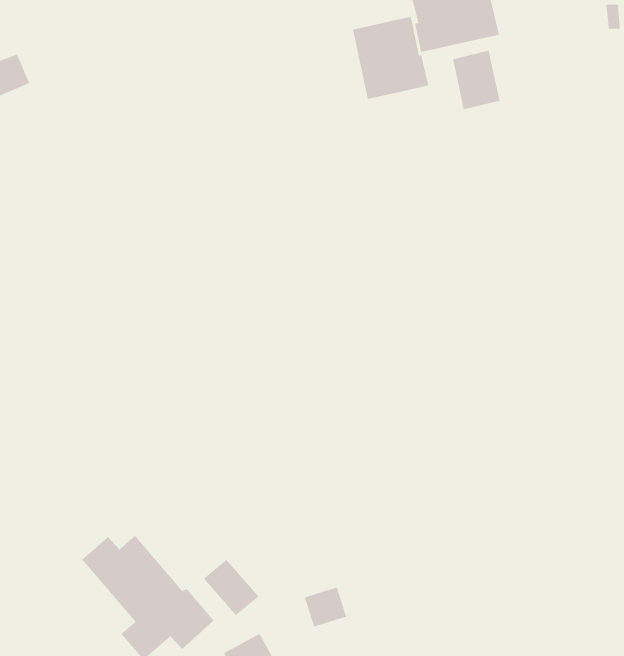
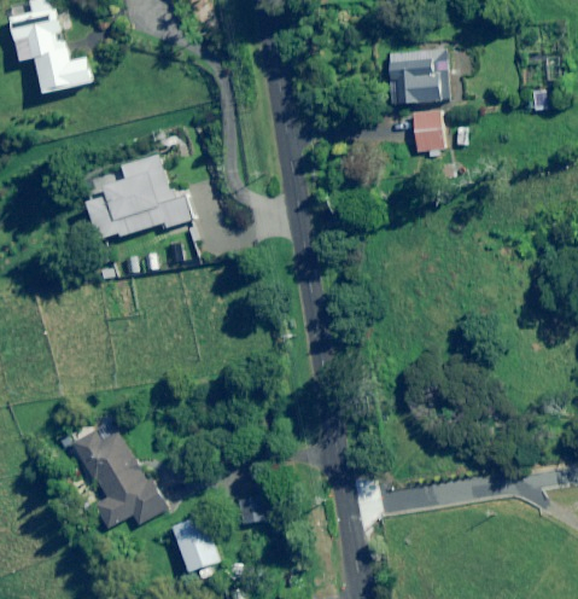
building: [352,16,429,100] -> none
building: none -> [87,155,189,239]
building: [203,559,260,616] -> none

